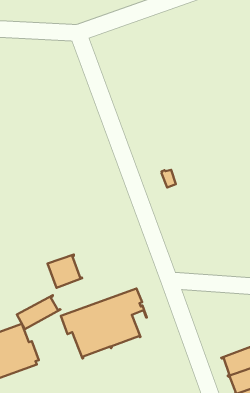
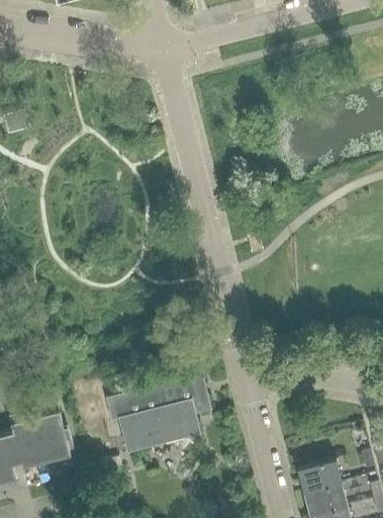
building: [47,255,82,288] -> none
building: [17,295,60,329] -> none

